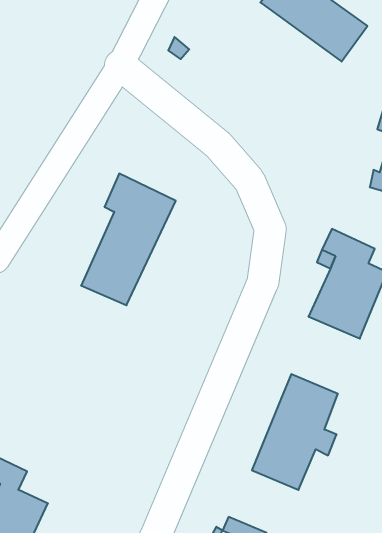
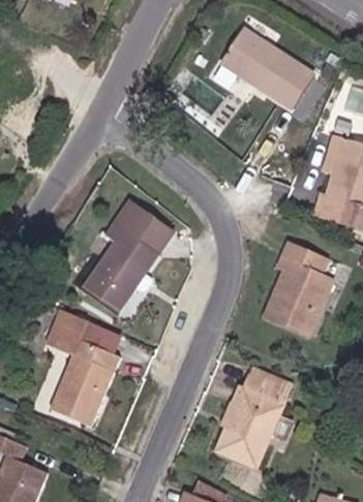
building: none -> [49,311,120,426]

